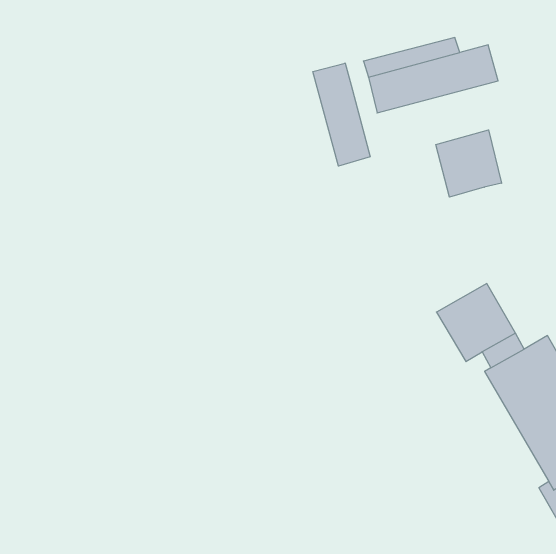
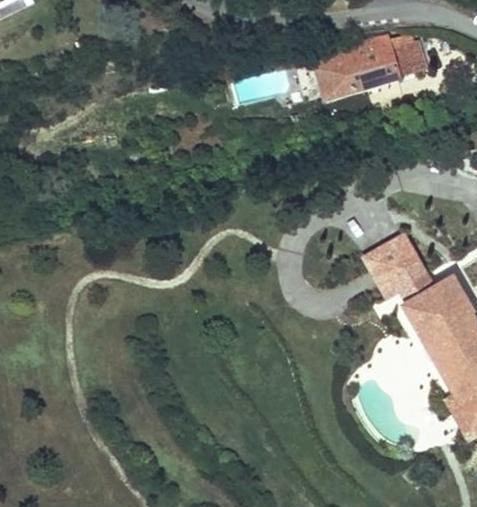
building: [313,63,370,166] -> none
building: [436,130,502,197] -> none

